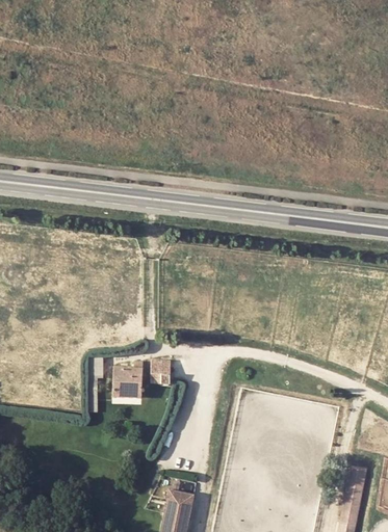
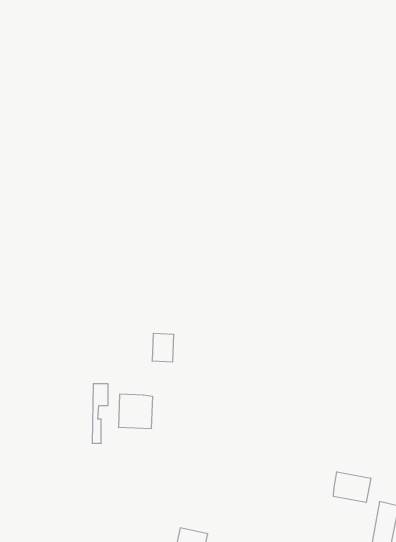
building: [152,358,172,384] -> [152,333,174,362]
building: none -> [333,472,371,503]

